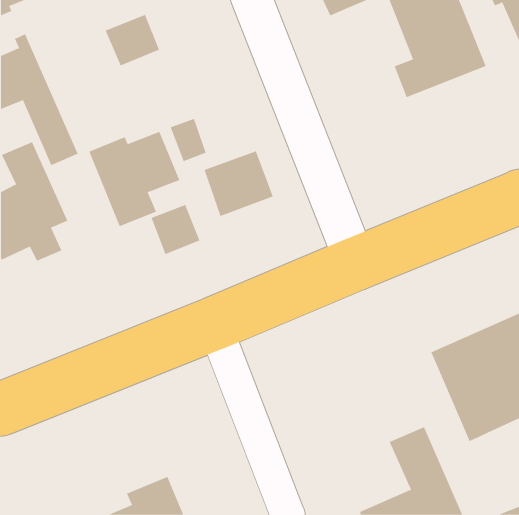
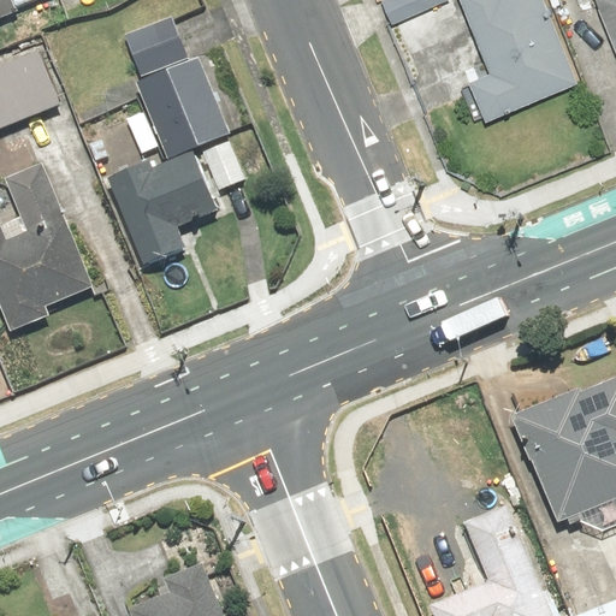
building: none -> [128,60,229,160]
building: [204,151,273,217] -> none
building: [151,204,200,255] -> none

